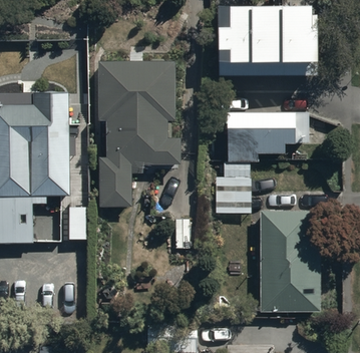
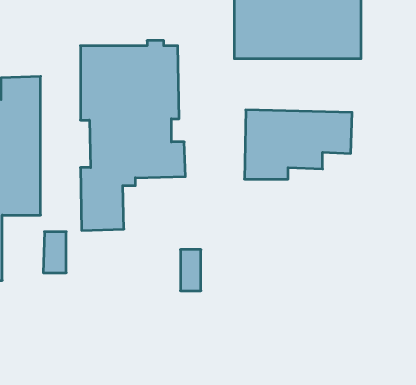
building: [216,167,250,216] -> none
building: [262,213,317,313] -> none

